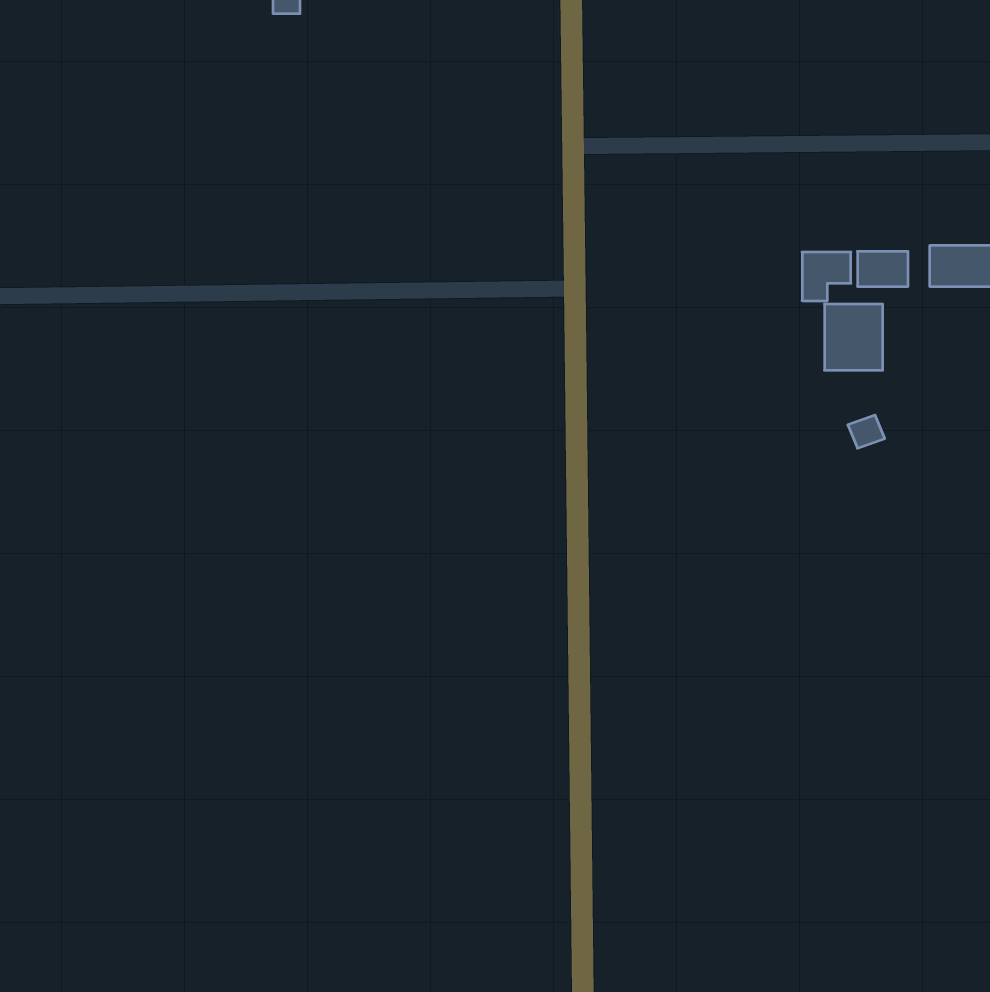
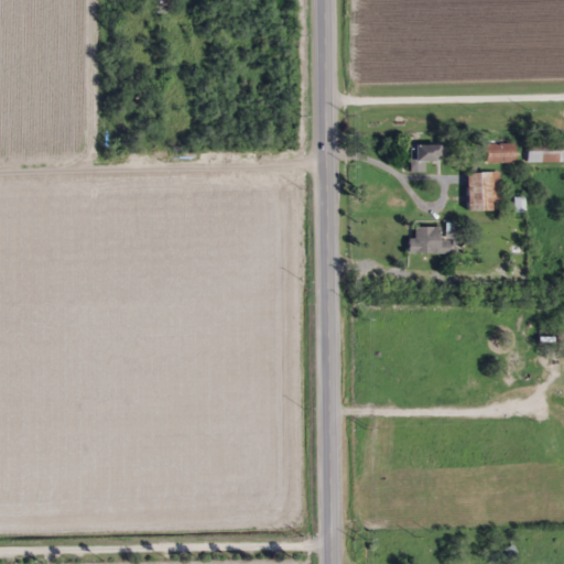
building: [802,252,851,301] -> [413,143,441,171]
building: none -> [410,226,453,252]

